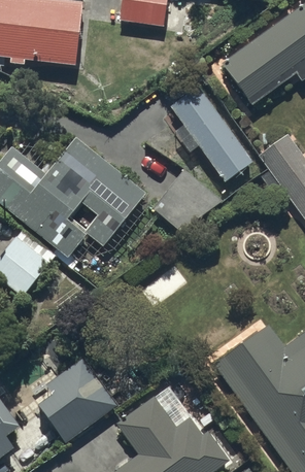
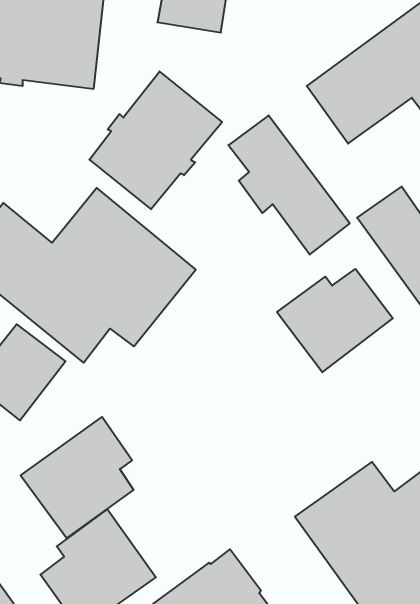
building: none -> [89,71,222,209]
building: none -> [277,269,393,372]
building: none -> [21,417,134,538]

